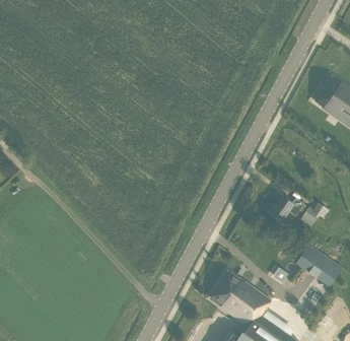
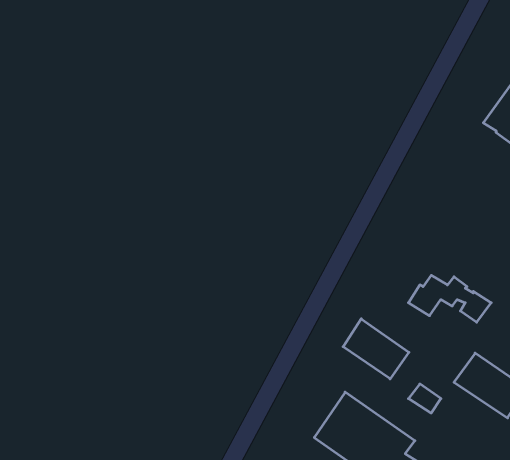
building: none -> [343,319,409,379]

